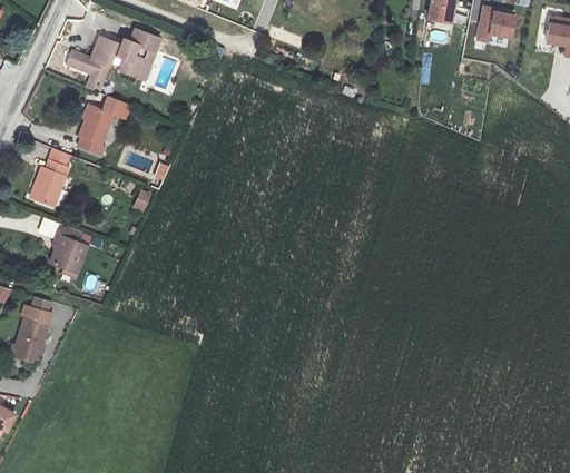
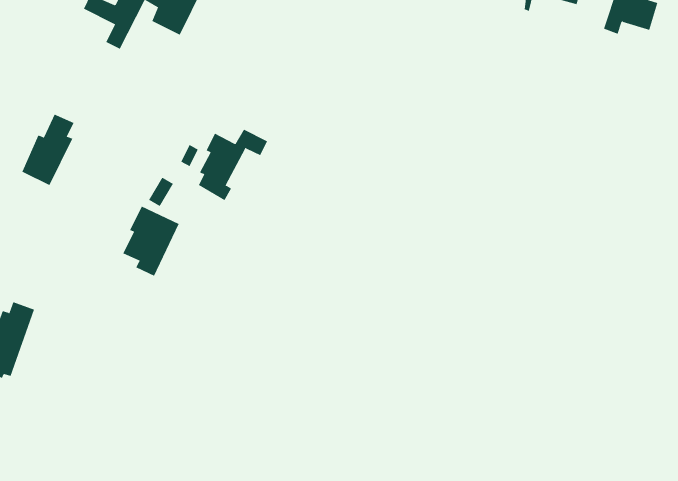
building: [78,97,129,155] -> [198,129,268,201]
building: [49,224,91,278] -> [123,206,180,277]

